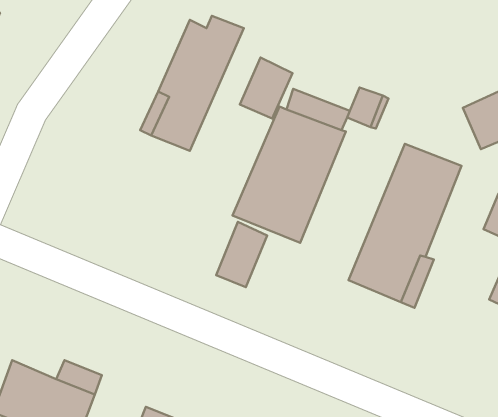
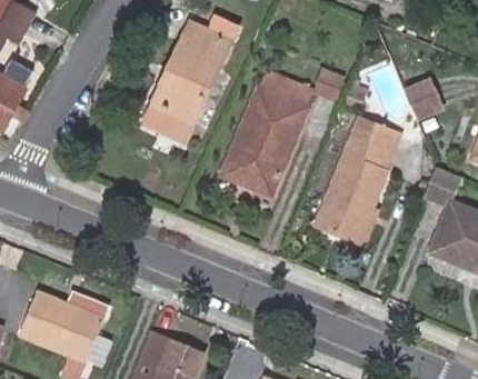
building: [240,58,293,119] -> none
building: [216,222,267,287] -> none

